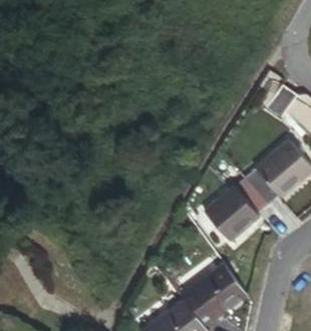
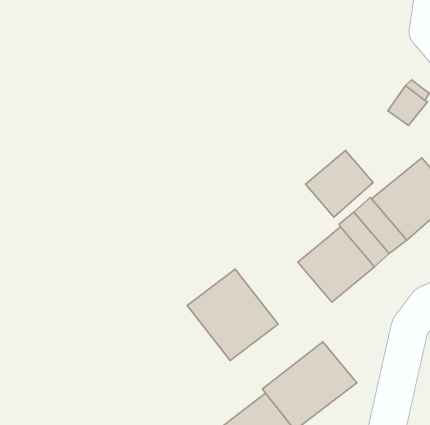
building: none -> [305,150,373,217]
building: none -> [187,269,278,360]

